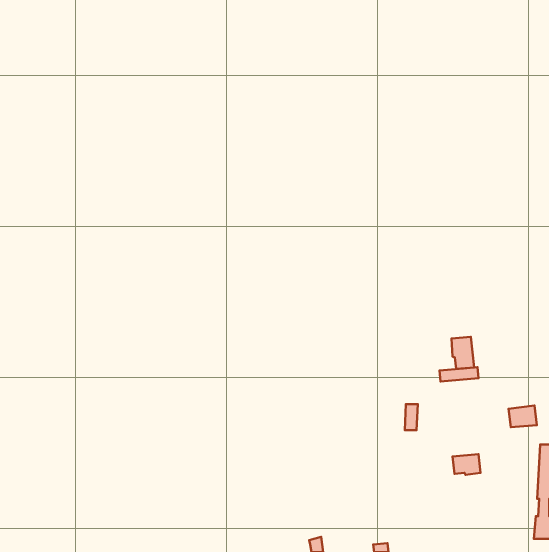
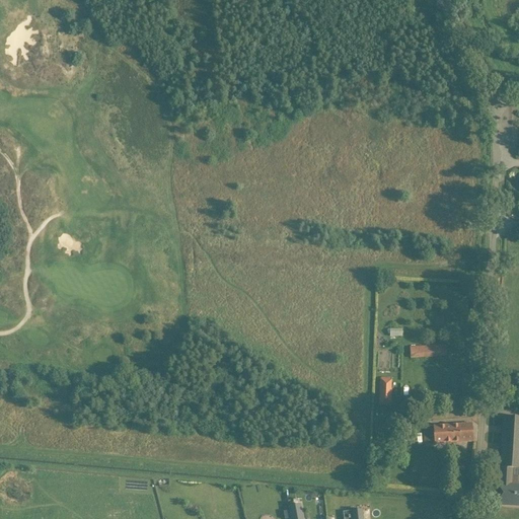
building: [451,337,474,369] -> none
building: [509,406,537,427] -> [452,421,478,441]

